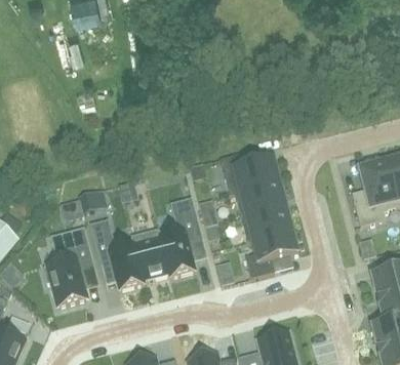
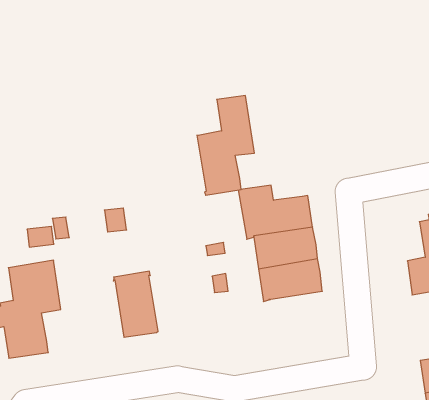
building: [158,198,203,277] -> [197,96,254,195]
building: [90,219,145,290] -> none
building: [245,231,297,279] -> none

